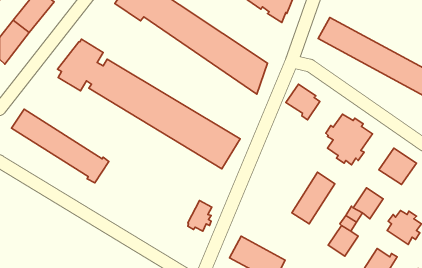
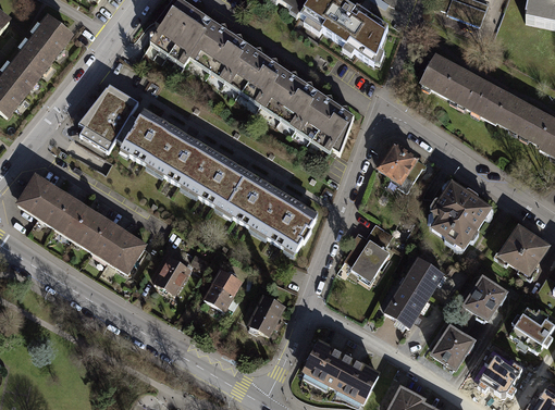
building: none -> [344,224,392,277]
building: none -> [156,257,192,294]
building: none -> [202,270,240,310]

